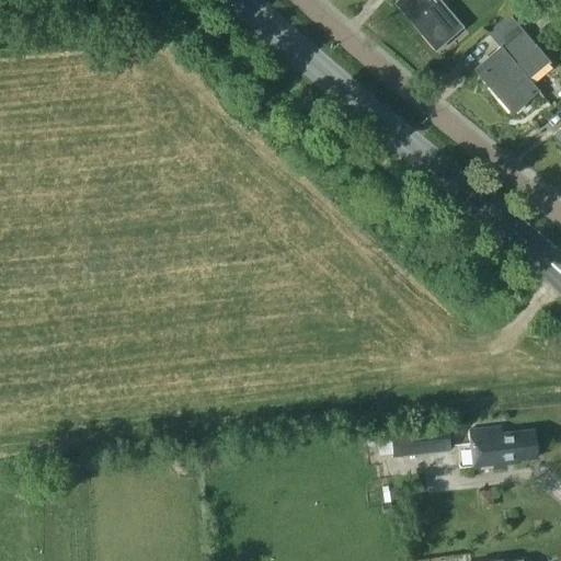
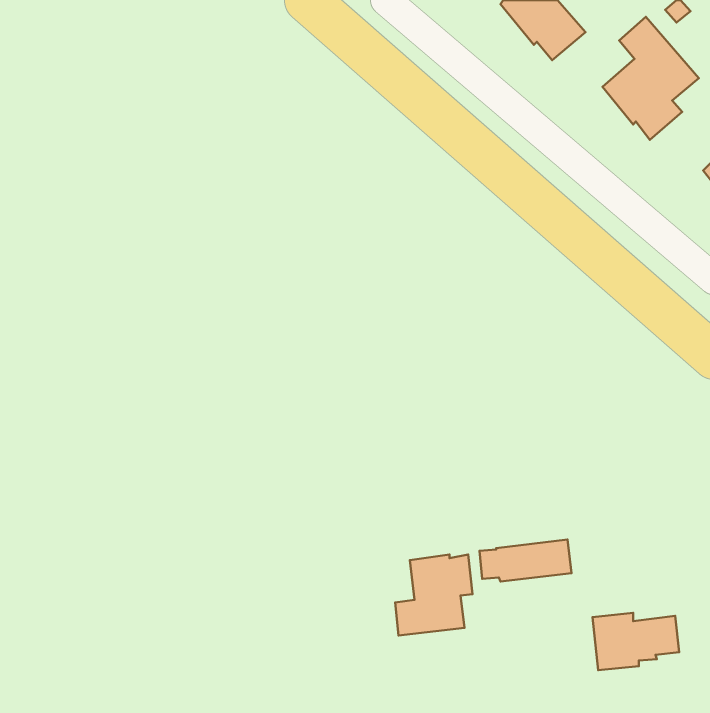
building: [471,427,539,472] -> [593,613,679,670]
building: none -> [395,554,473,635]

